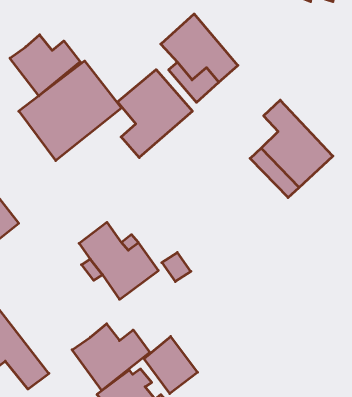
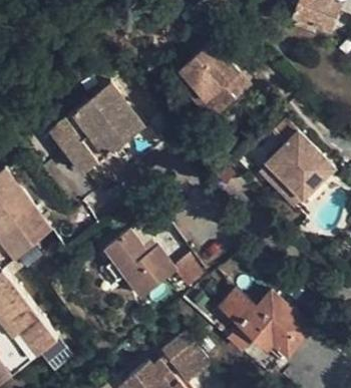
building: [10,35,80,96] -> none
building: [118,70,192,158] -> none
building: none -> [220,288,313,361]
building: [72,324,150,390] -> none

